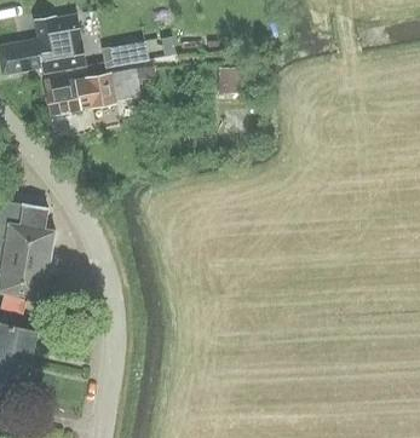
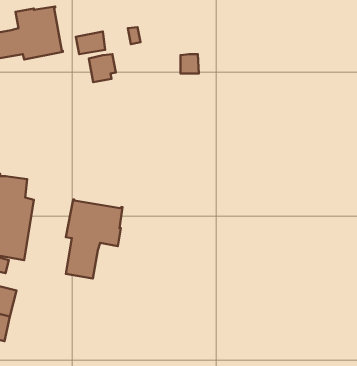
building: [44,73,116,114] -> none
building: none -> [66,199,122,278]

